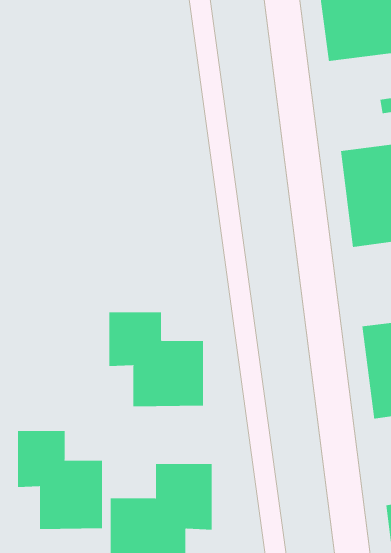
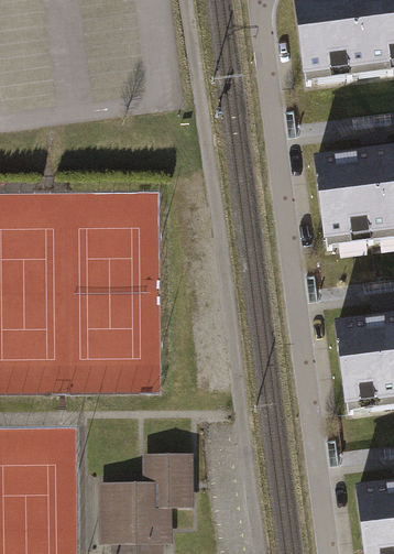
building: [109,312,204,407] -> none
building: [18,430,103,530] -> none

